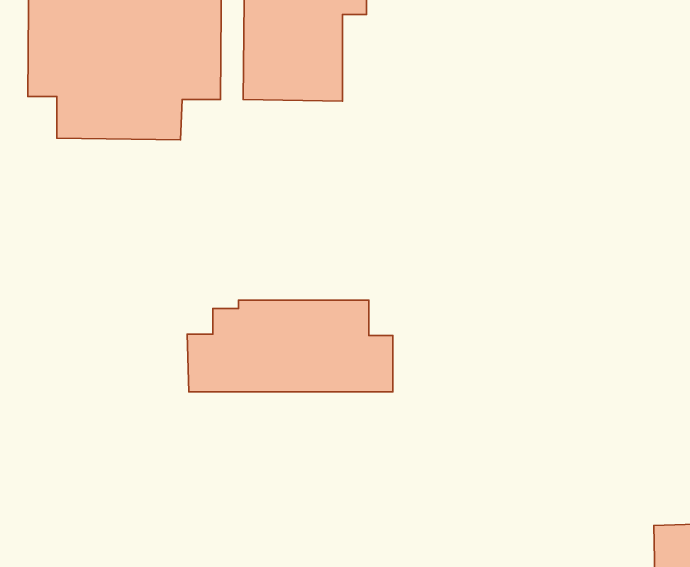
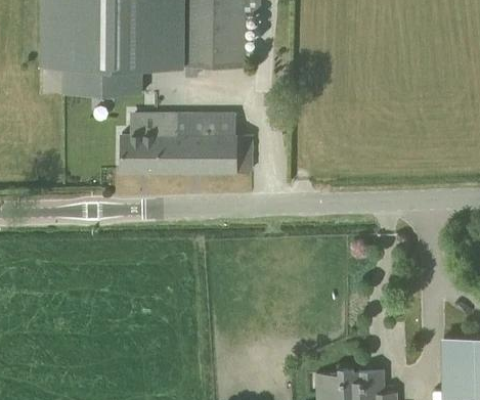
building: [187,300,393,392] -> [119,113,250,171]

